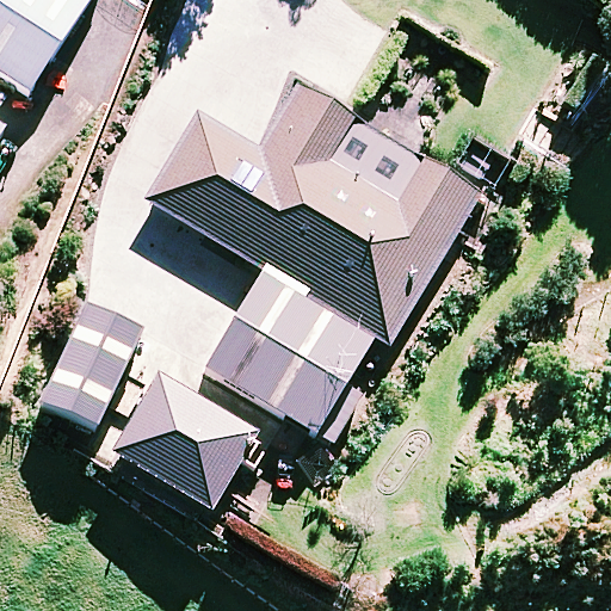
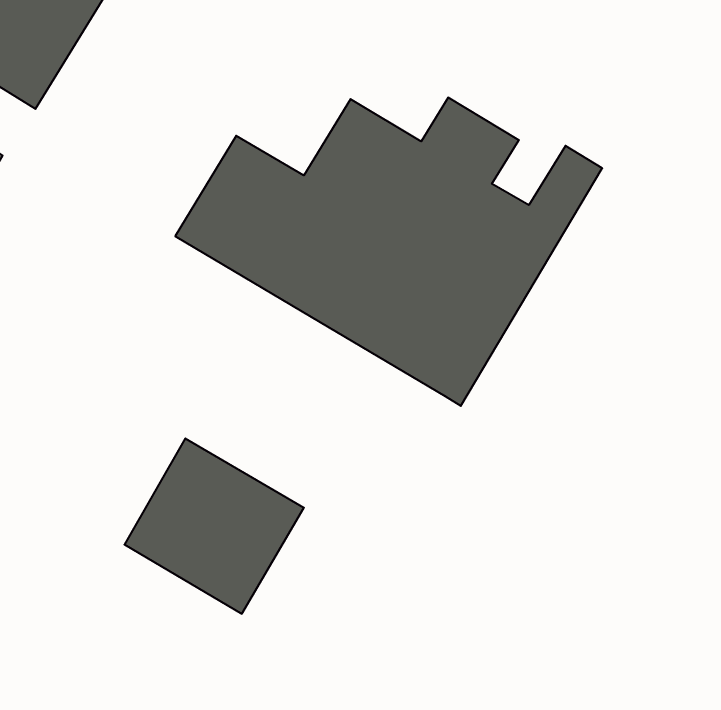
building: [203,267,376,444] -> none
building: [41,304,147,428] -> none

